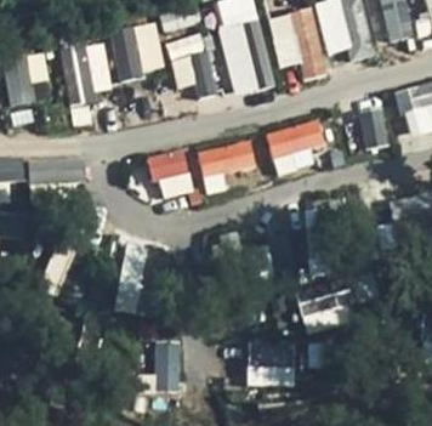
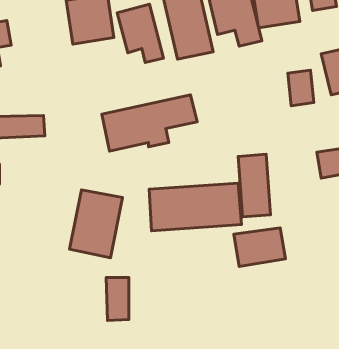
building: [59,41,112,101] -> none
building: [266,119,329,170] -> none
building: none -> [149,183,242,231]
building: [246,340,295,386] -> none

